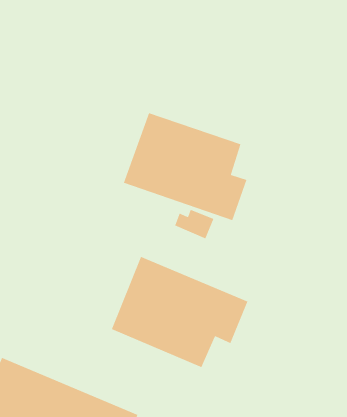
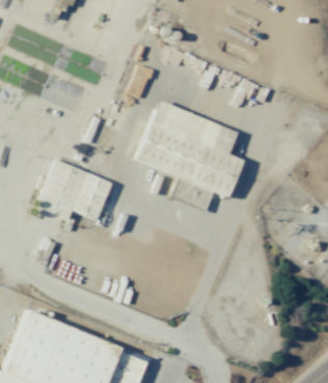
building: none -> [37,161,112,221]
building: [111,256,249,368] -> none

